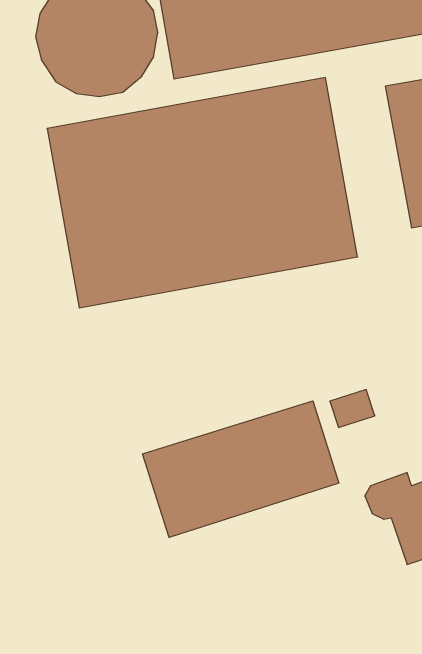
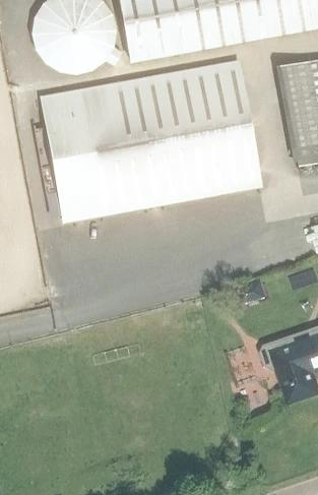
building: [143,401,339,538] -> none

